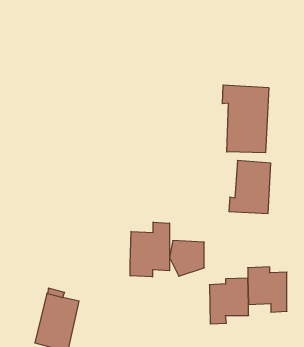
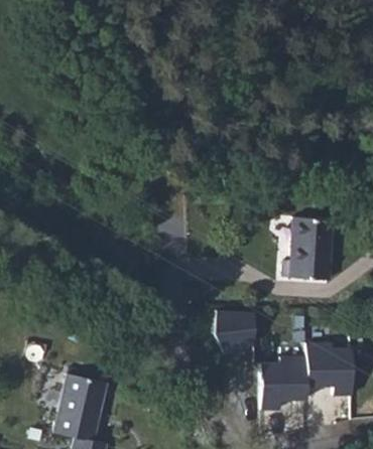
building: [222,85,269,153] -> none
building: [130,222,169,277] -> none

